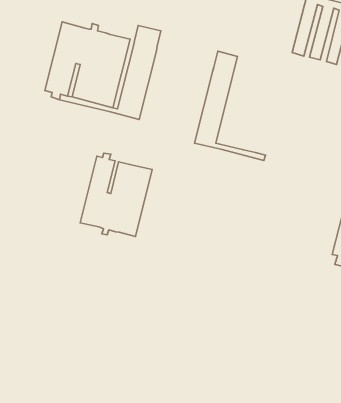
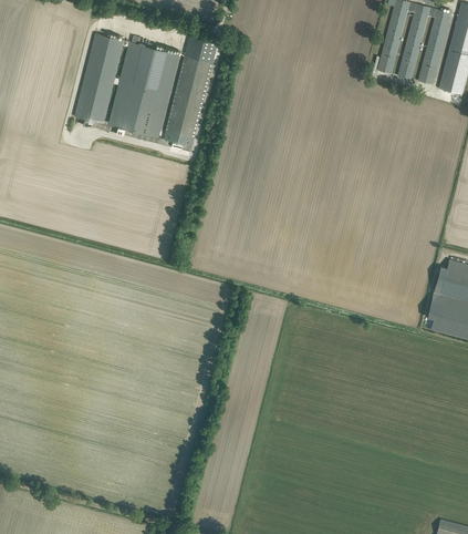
building: [195,51,266,161] -> none
building: [80,153,152,237] -> none

